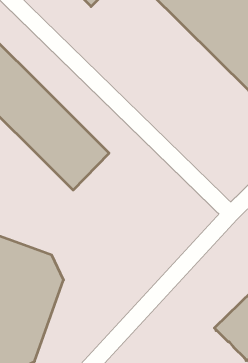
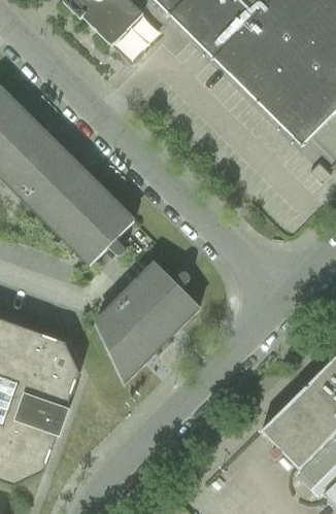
building: none -> [96,262,199,381]

